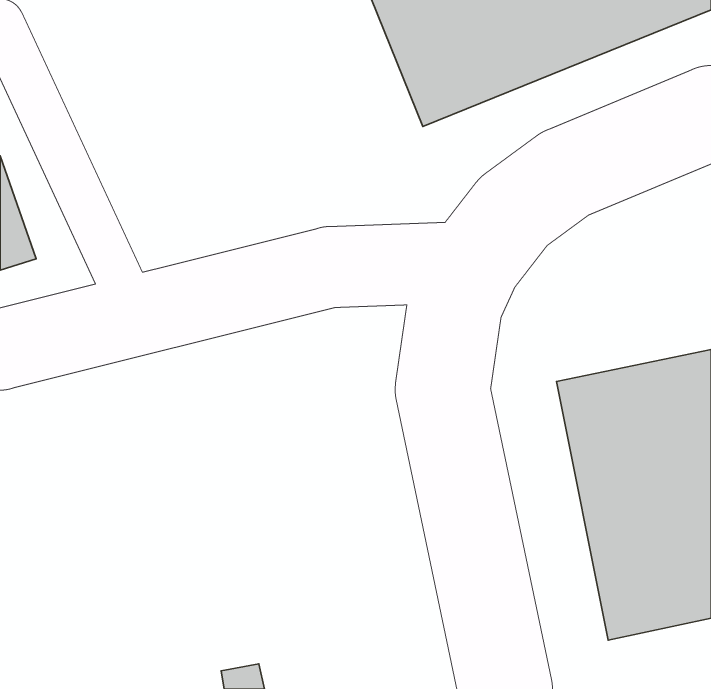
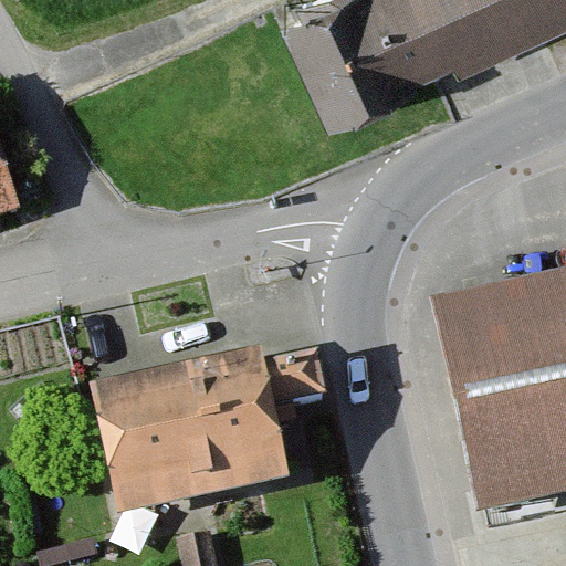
building: none -> [98,356,287,513]

